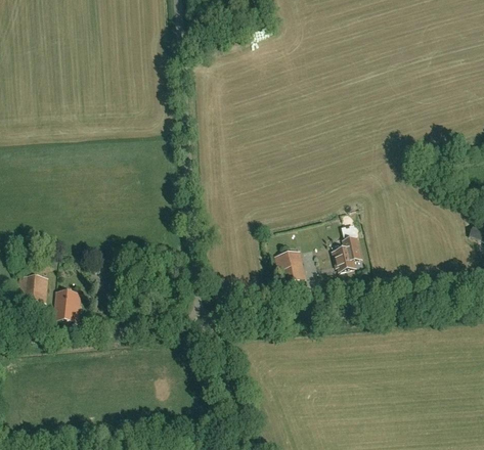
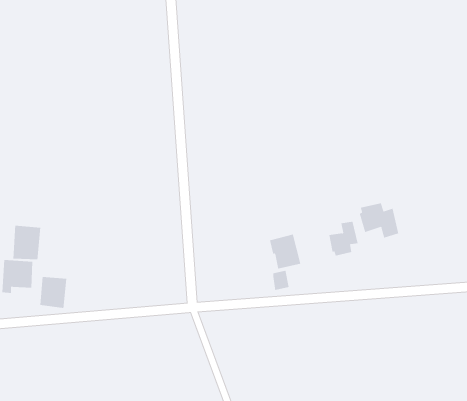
building: none -> [359,202,399,239]
building: none -> [13,225,41,260]

